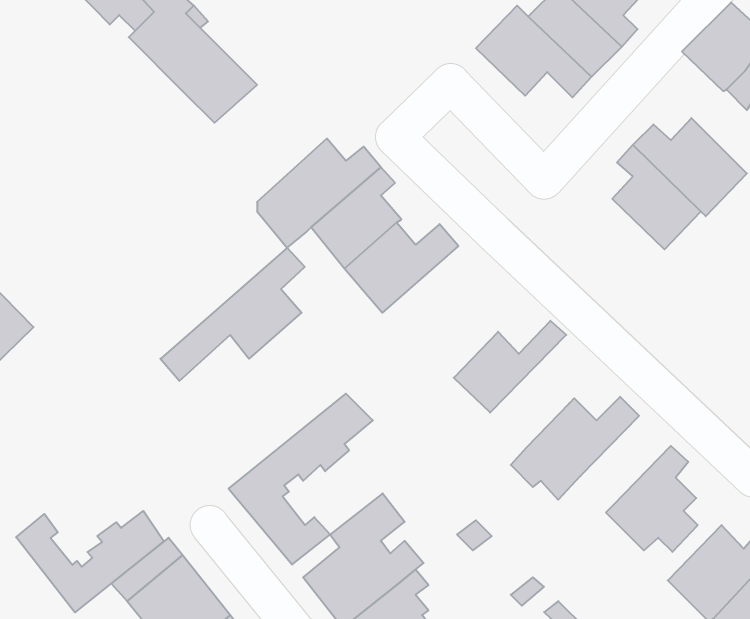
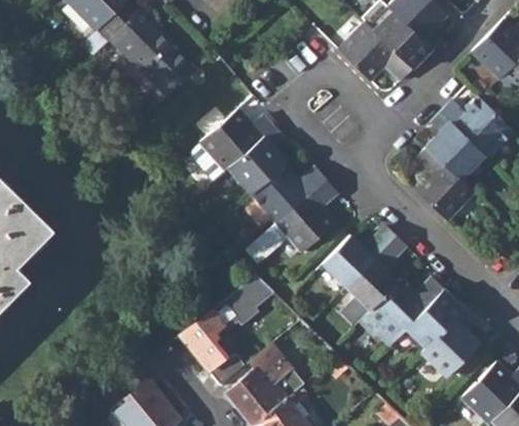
building: none -> [414,148,474,222]
building: [160,248,305,381] -> [245,179,338,265]
building: none -> [347,236,407,309]
building: none -> [406,288,465,347]
building: [16,511,164,612] -> none

